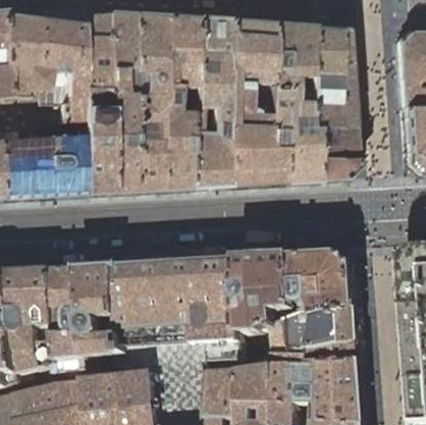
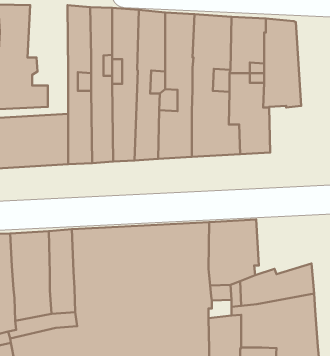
building: [36,9,83,126] -> none
building: [315,125,355,179] -> none
building: [298,254,364,321] -> none

